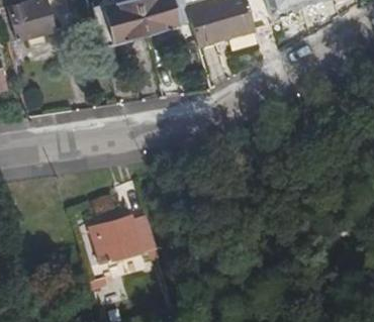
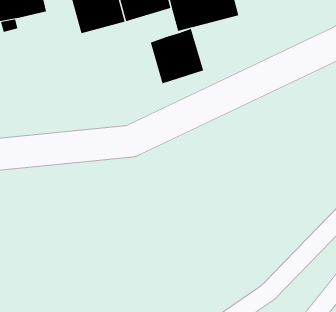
building: none -> [150,28,204,84]
building: [87,213,156,261] -> none

